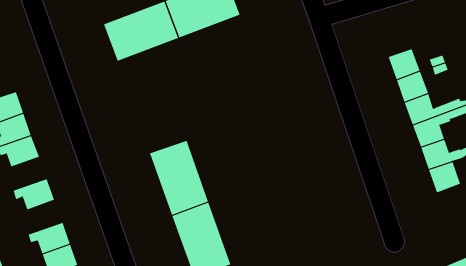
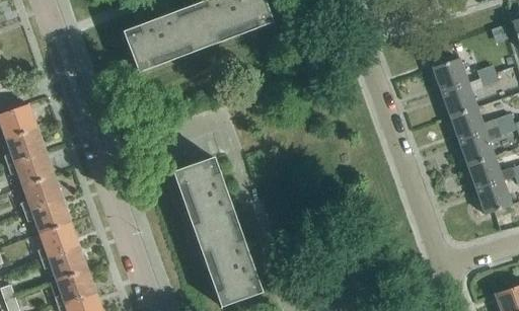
building: none -> [20,175,62,212]
building: none -> [38,222,79,259]

